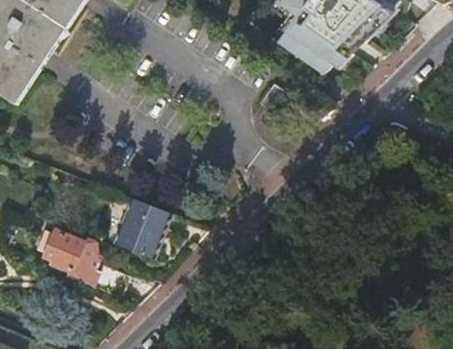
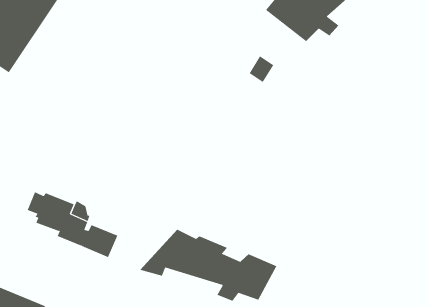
building: [112,198,171,260] -> none
building: none -> [139,229,277,301]

